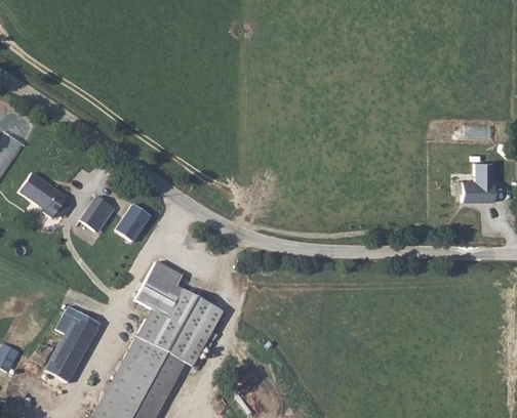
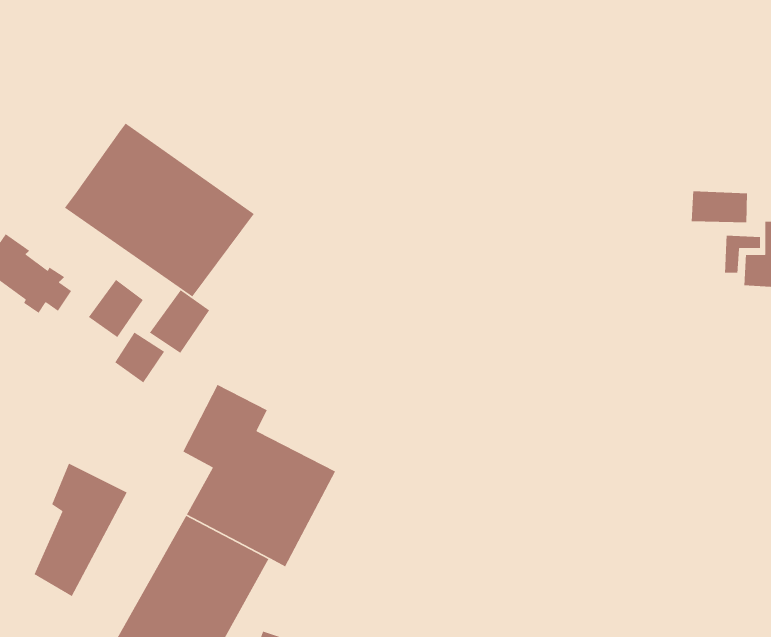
building: none -> [64,123,255,298]
building: none -> [691,190,748,223]
building: none -> [114,331,165,383]

